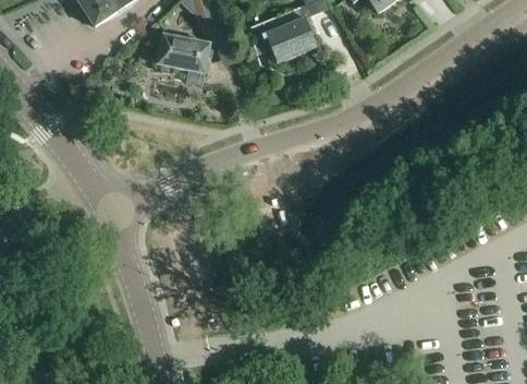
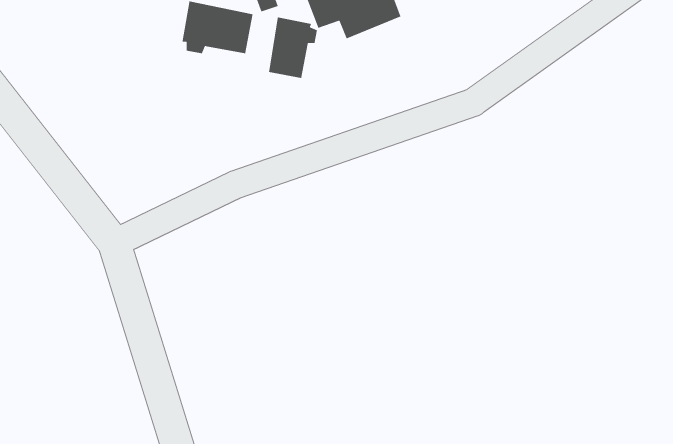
building: none -> [268,17,318,79]

